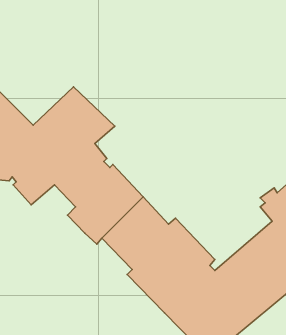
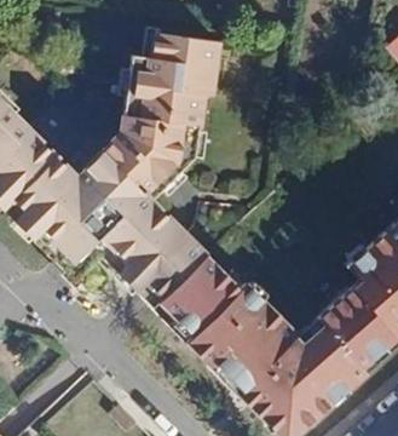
building: none -> [122,30,219,168]

